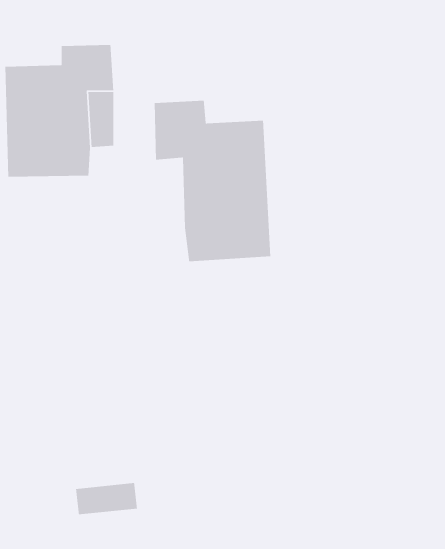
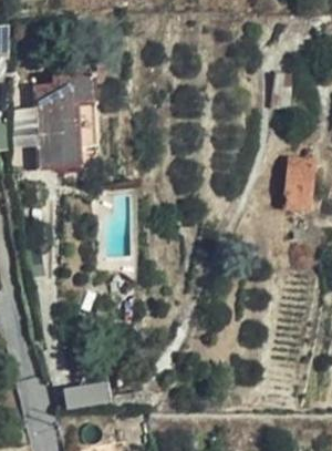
building: [154,100,271,262] -> none
building: none -> [283,153,309,201]

